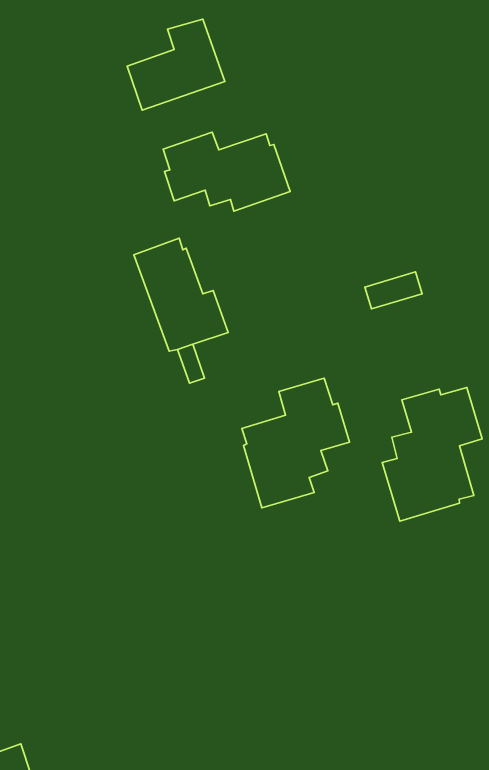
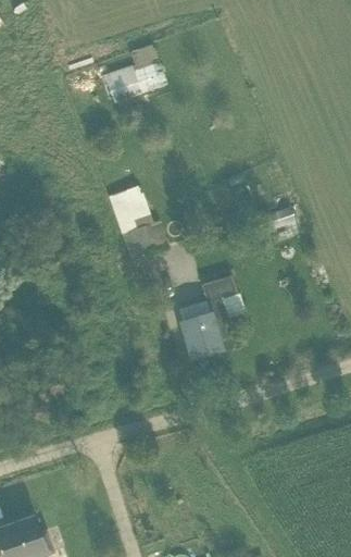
building: [163,132,290,211] -> none
building: [382,388,482,521] -> none

